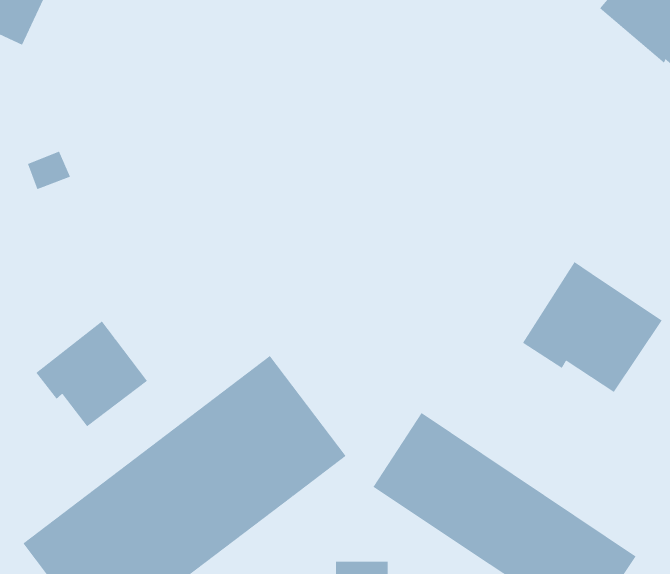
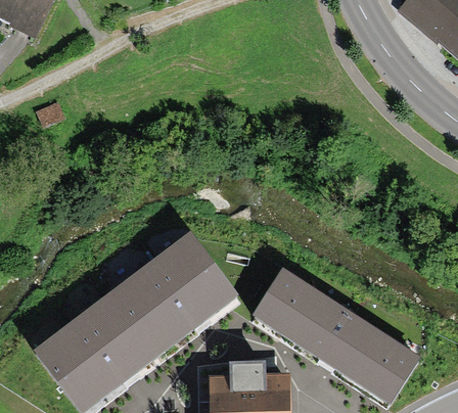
building: [522,261,663,393] -> none
building: [35,321,148,427] -> none

